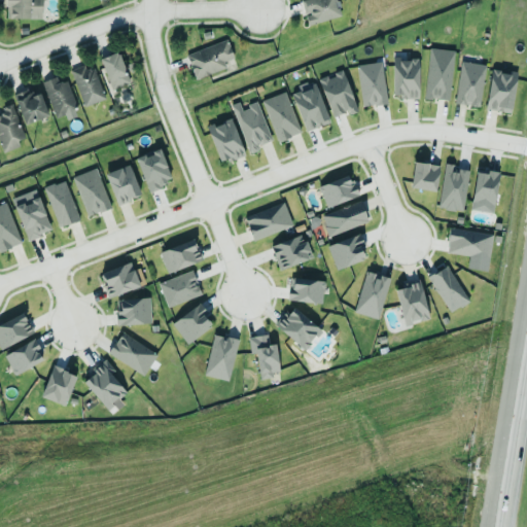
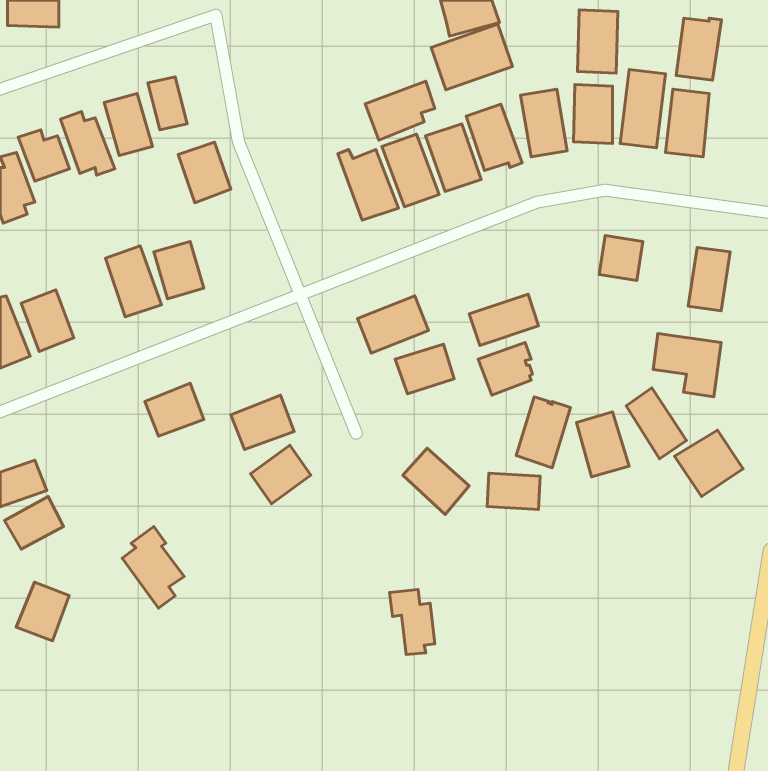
building: none -> [577,10,618,73]
building: none -> [431,24,513,90]
building: [187,39,235,79] -> [365,81,435,140]
building: [487,70,518,112] -> [676,18,721,80]
building: [209,118,245,164] -> none
building: [137,149,173,190] -> [178,142,231,203]
building: [440,163,469,211] -> none
building: [320,175,359,207] -> none
building: [44,179,81,227] -> none
building: [161,238,204,274] -> none
building: [289,278,325,303] -> [487,473,540,509]
building: none -> [675,430,743,496]
building: [118,297,152,324] -> none
building: [110,332,159,374] -> none
building: [205,333,239,381] -> none
building: [249,335,280,379] -> [390,589,435,654]
building: [41,365,77,406] -> [16,582,69,641]

